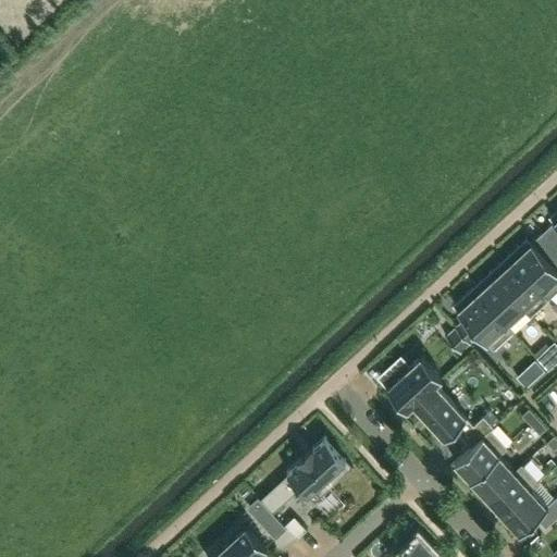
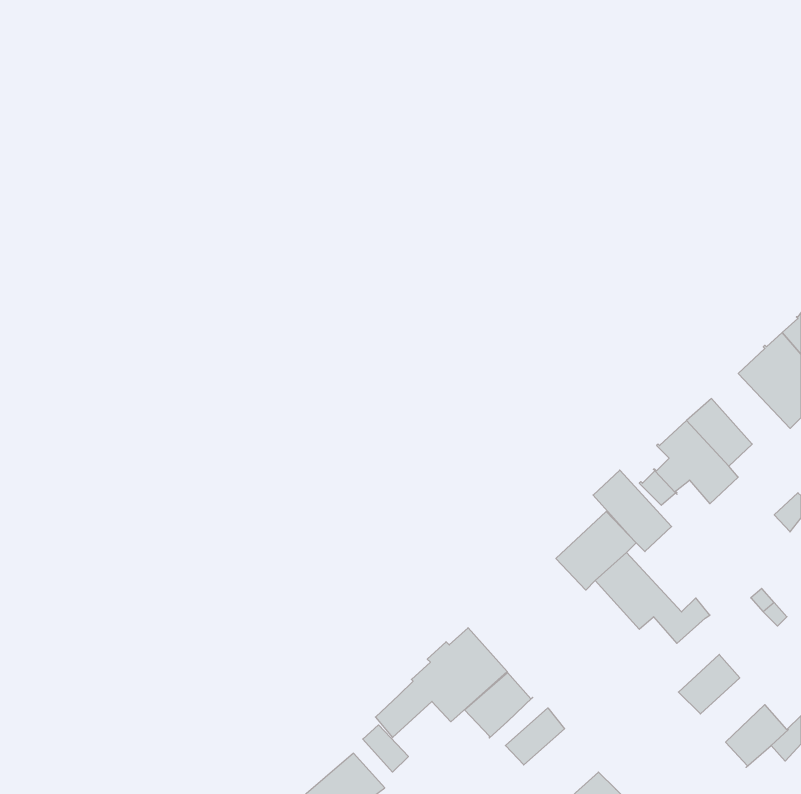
building: [493,264,547,321] -> [593,470,672,552]
building: [453,434,506,485] -> none
building: [485,469,537,520] -> none
building: none -> [464,672,533,738]
building: none -> [505,708,565,765]

